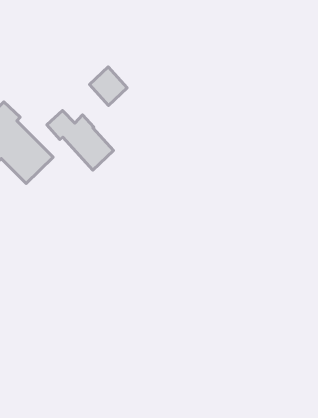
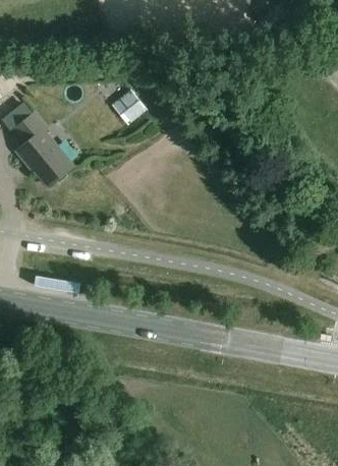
building: [47,111,114,170] -> none

